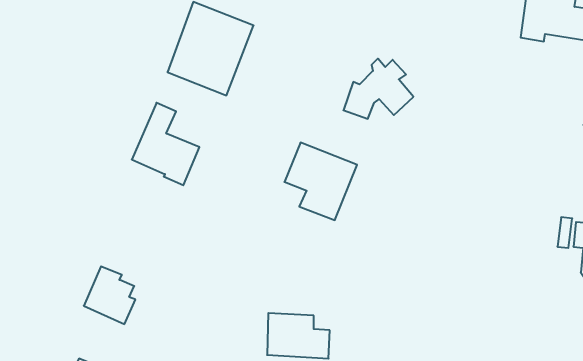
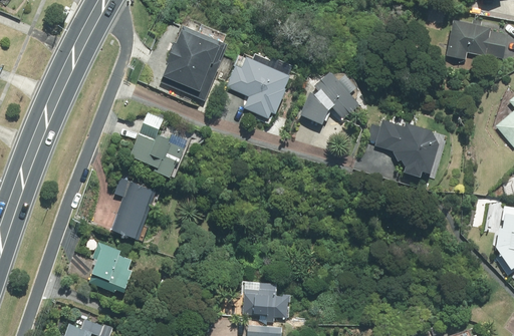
building: none -> [371,119,439,179]
building: [284,143,357,220] -> [231,57,290,120]
building: none -> [102,178,155,240]

